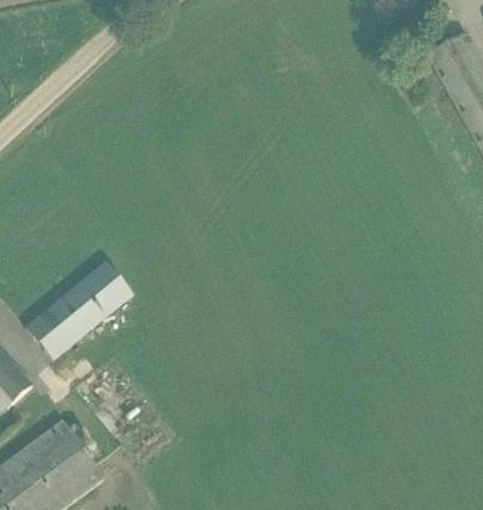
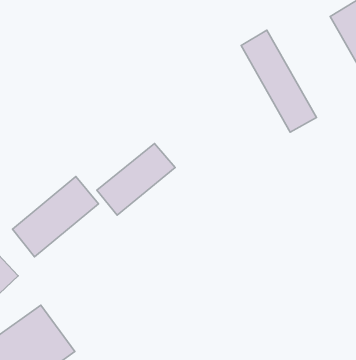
building: none -> [241,30,317,132]
building: none -> [97,143,175,215]

